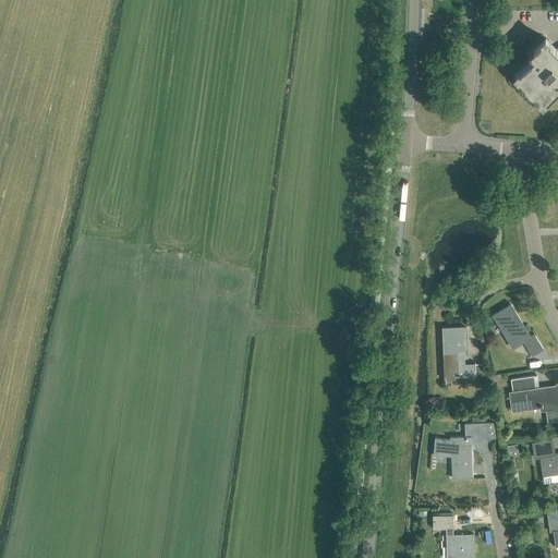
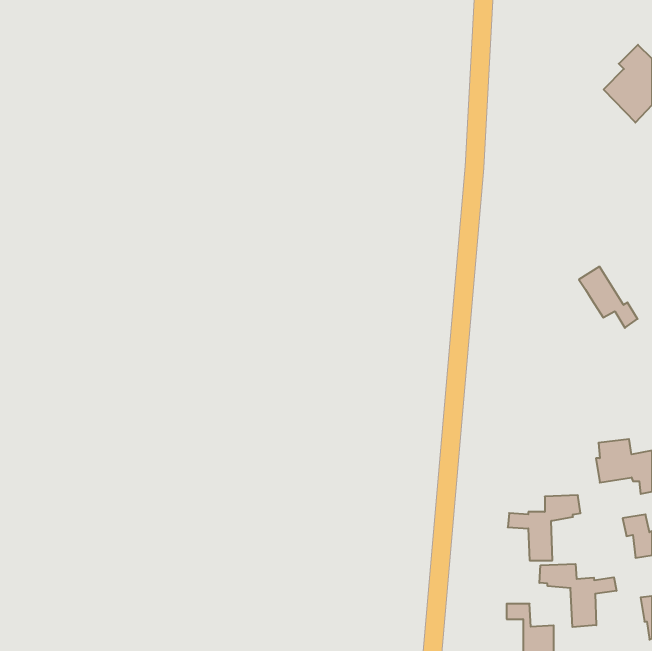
building: [493,305,543,357] -> [579,267,638,328]
building: [442,327,485,380] -> none
building: none -> [539,564,616,627]

